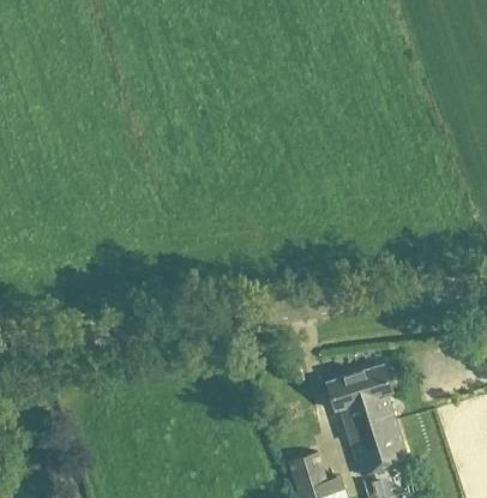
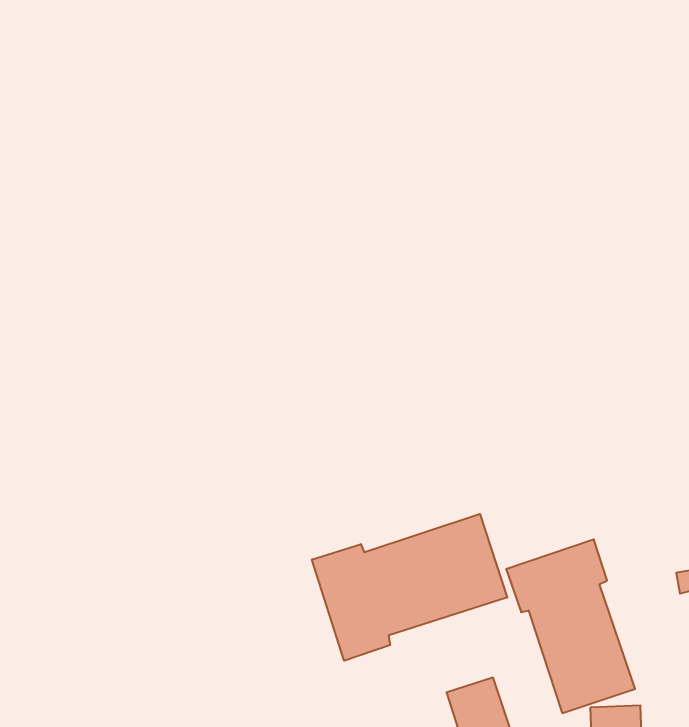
building: none -> [312,514,507,661]

